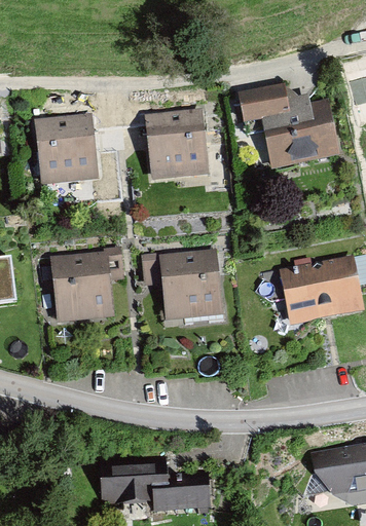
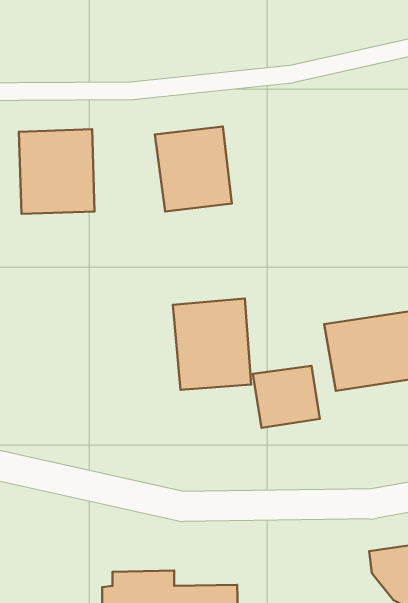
building: [237,83,341,166] -> none
building: [48,250,111,320] -> none
building: none -> [253,366,320,428]

